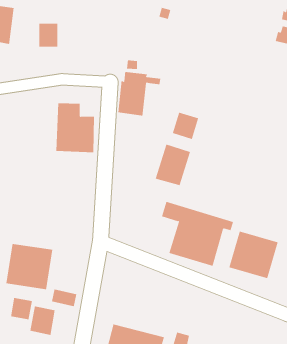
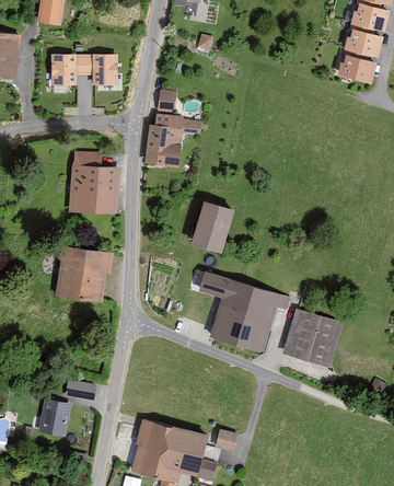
building: none -> [91,54,115,83]
building: [172,112,199,140] -> none
building: [6,243,53,290] -> [55,246,113,303]
building: [10,297,32,320] -> none

